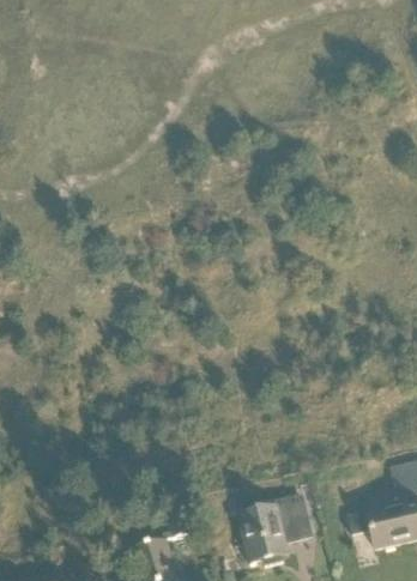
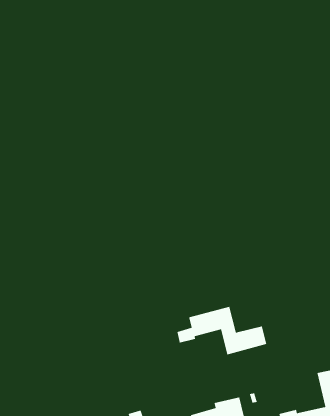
building: none -> [176,306,267,356]

